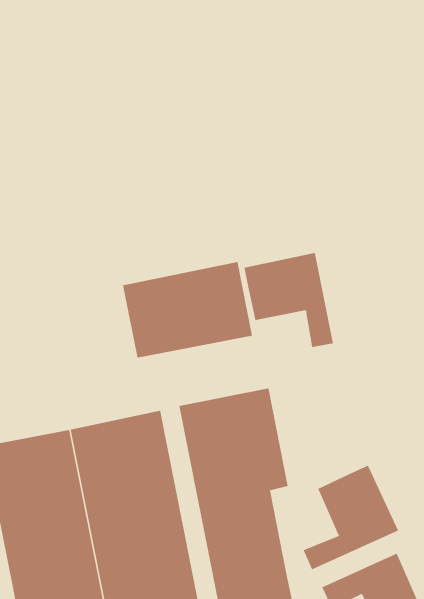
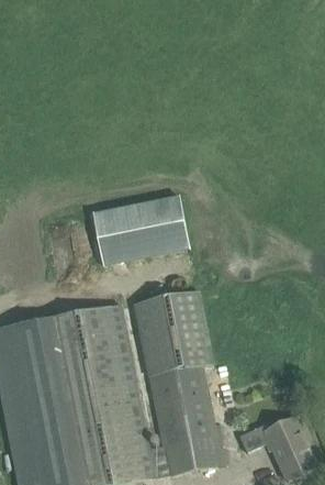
building: [244,252,333,348] -> none
building: [303,465,399,570] -> none

